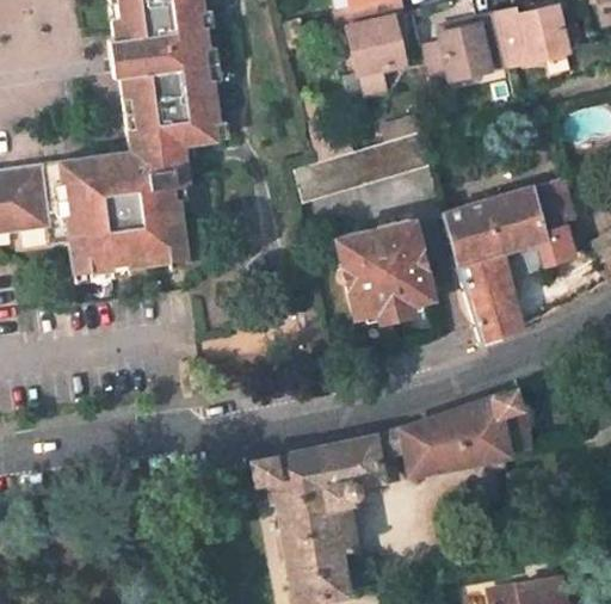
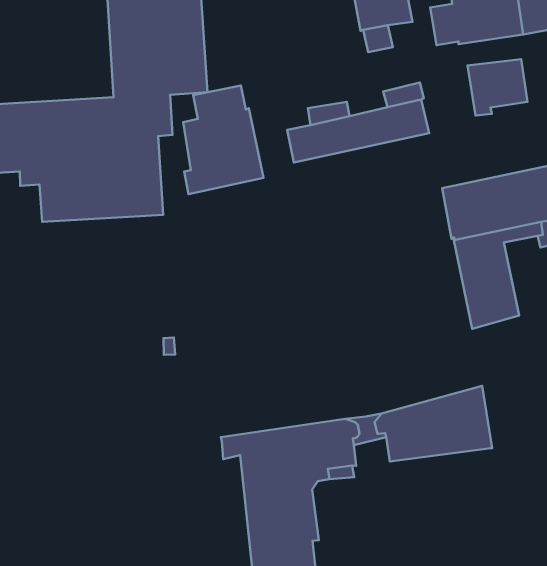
building: none -> [468,59,527,116]
building: none -> [183,86,264,194]
building: [335,221,431,315] -> none
building: [494,389,530,454] -> none

